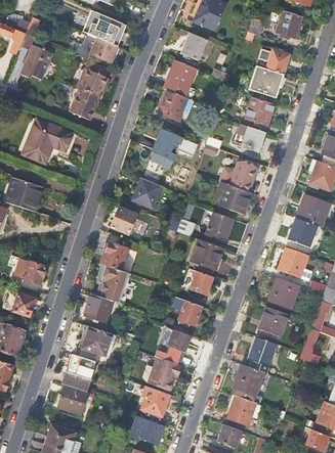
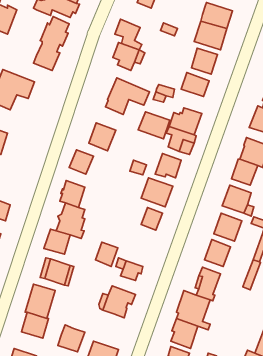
building: none -> [138,112,170,139]
building: [177,300,202,326] -> [95,242,118,266]
building: [140,387,170,416] -> [58,325,85,352]

